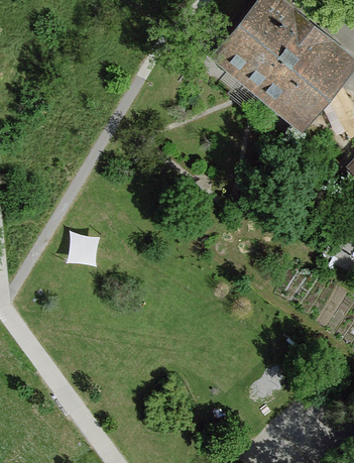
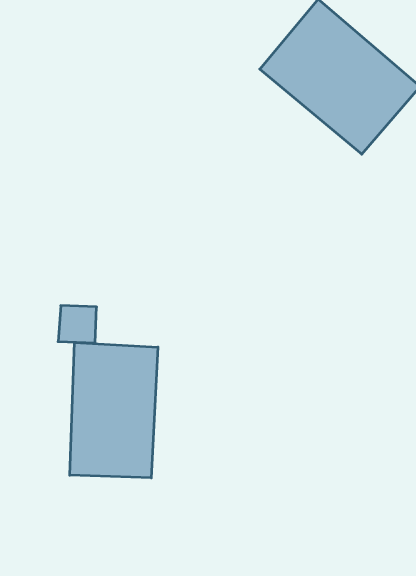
building: none -> [70,343,158,478]

